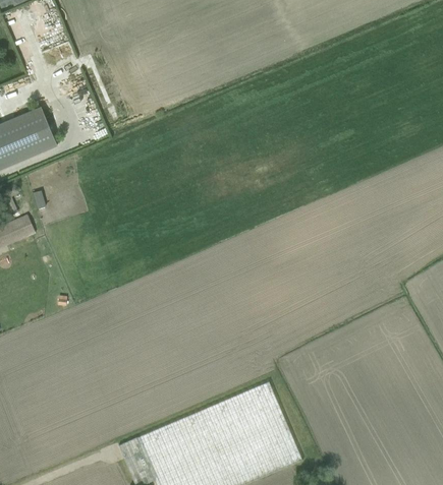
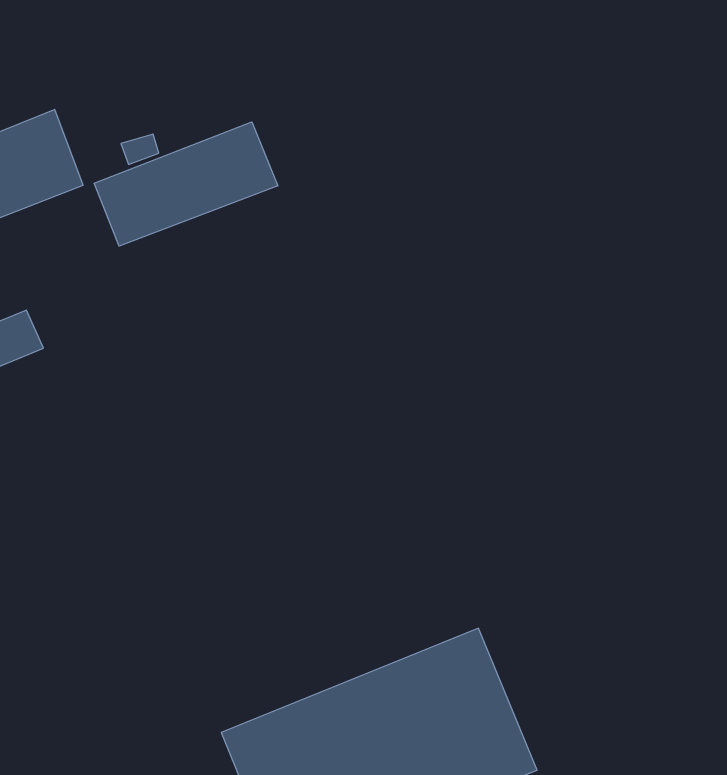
building: none -> [94,122,278,246]

